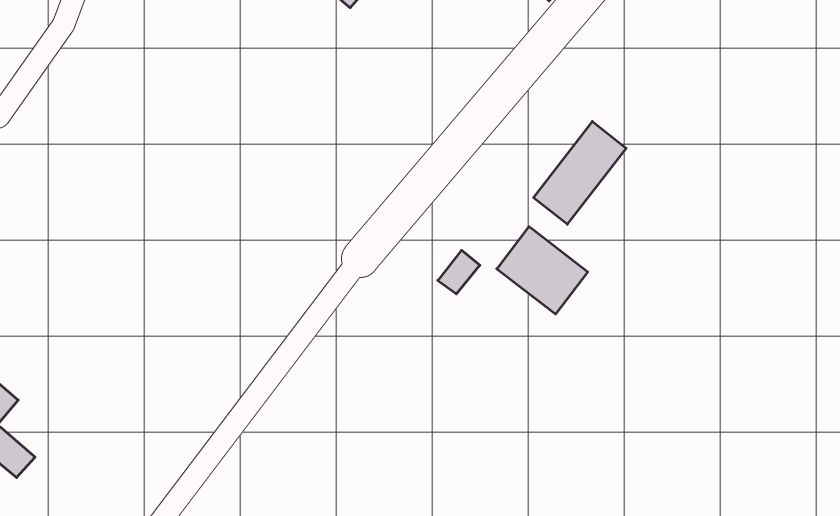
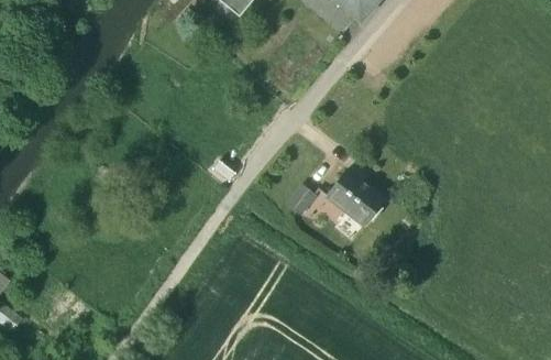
building: [534,121,626,224] -> none

